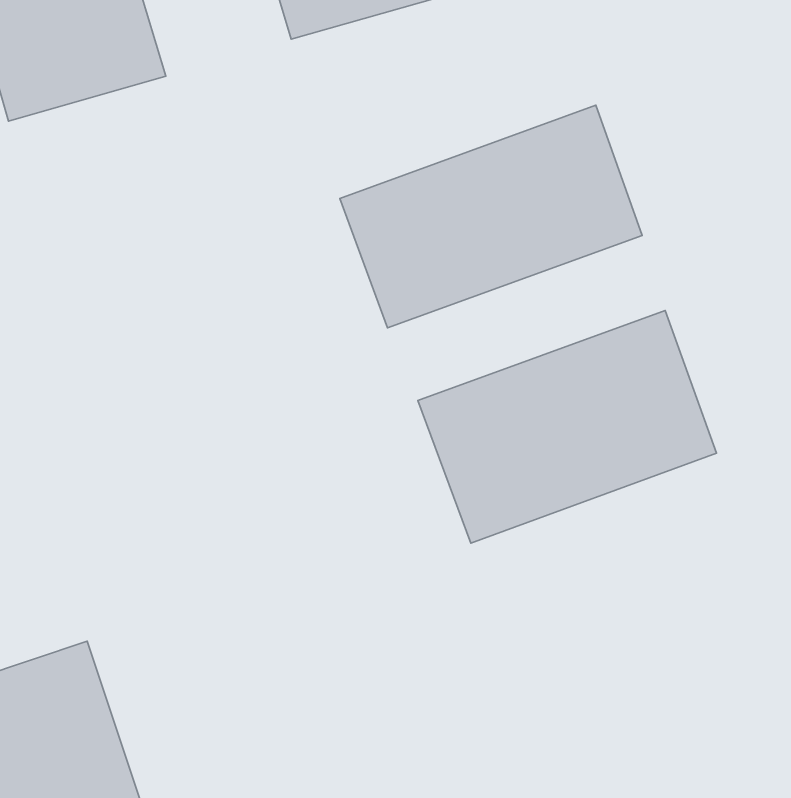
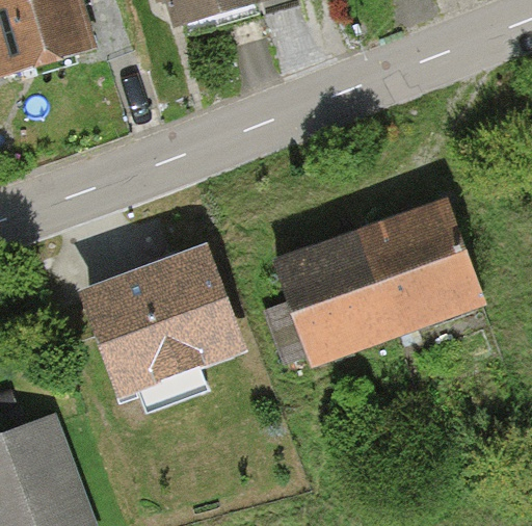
building: [340,105,642,328] -> none
building: none -> [77,248,231,387]

